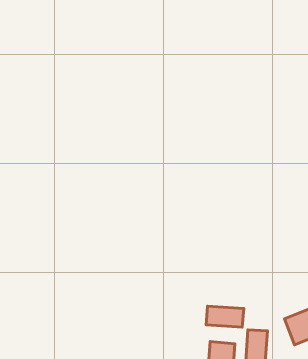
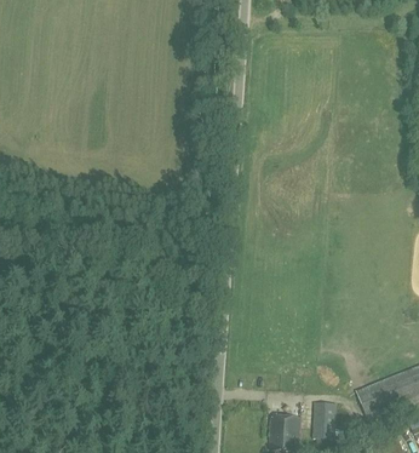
building: [206,306,244,327] -> none

